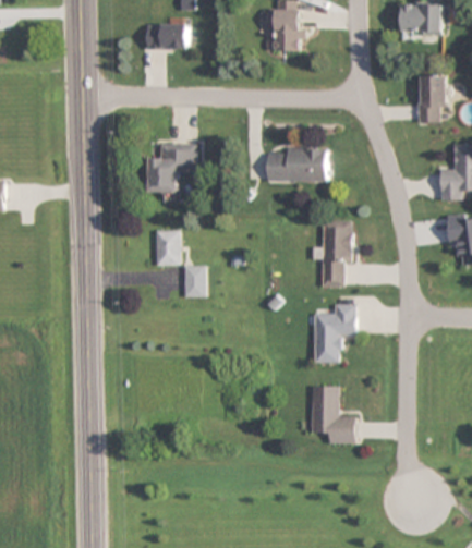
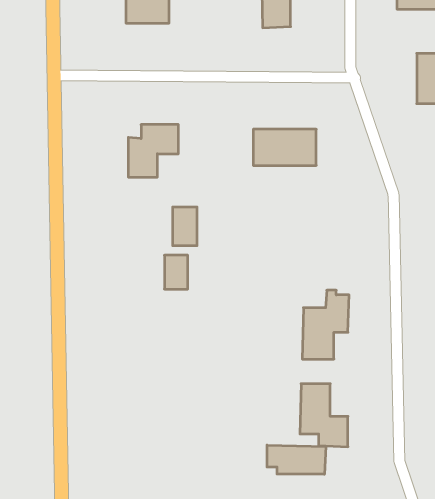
building: [312,219,352,287] -> none
building: [156,229,179,265] -> [173,207,197,246]
building: none -> [267,445,326,474]

